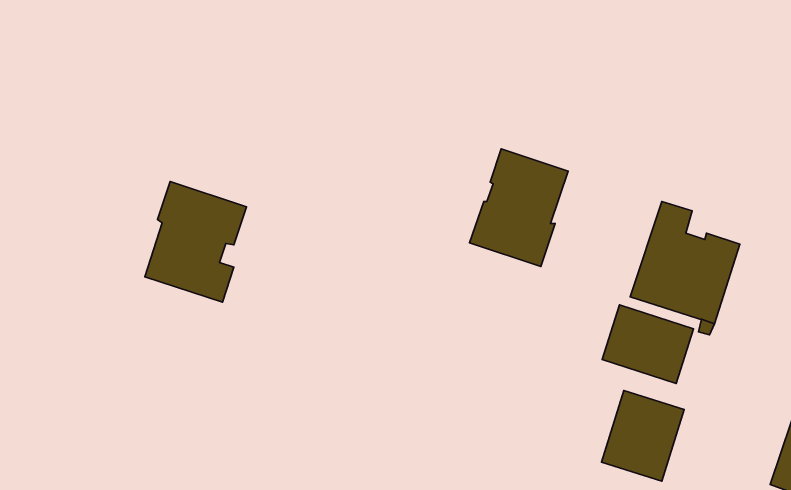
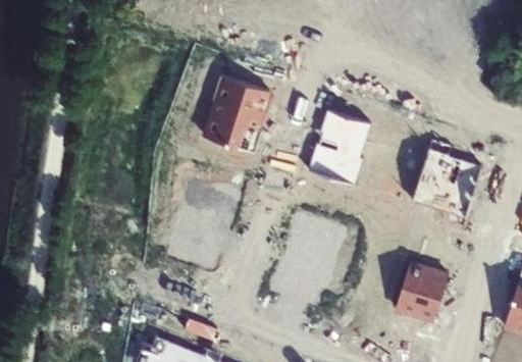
building: [145,181,246,302] -> [206,74,271,152]
building: [602,305,693,383] -> none

